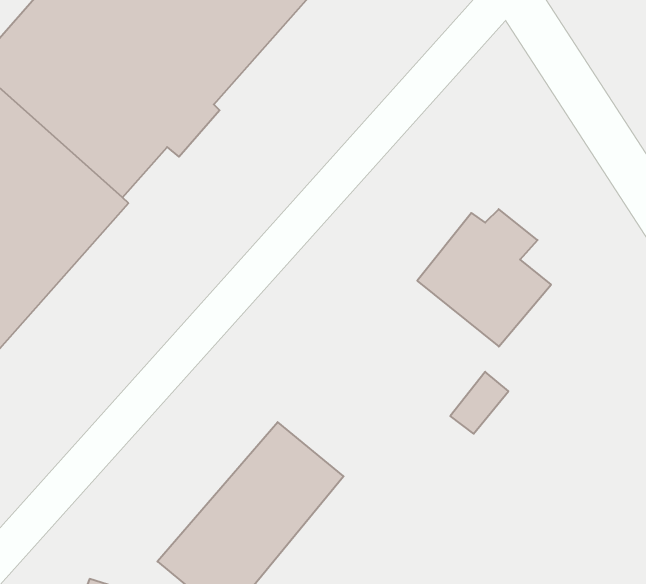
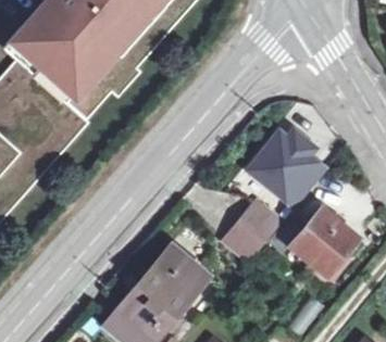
building: none -> [224,200,281,258]
building: none -> [290,207,357,275]

